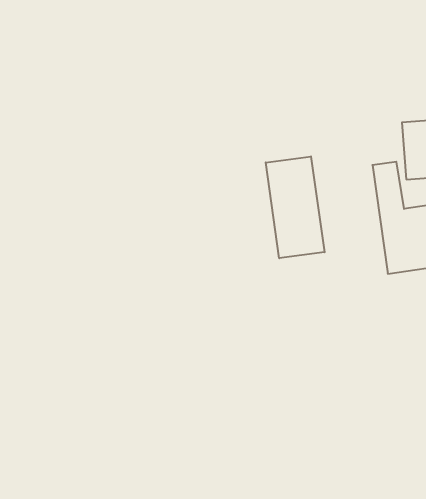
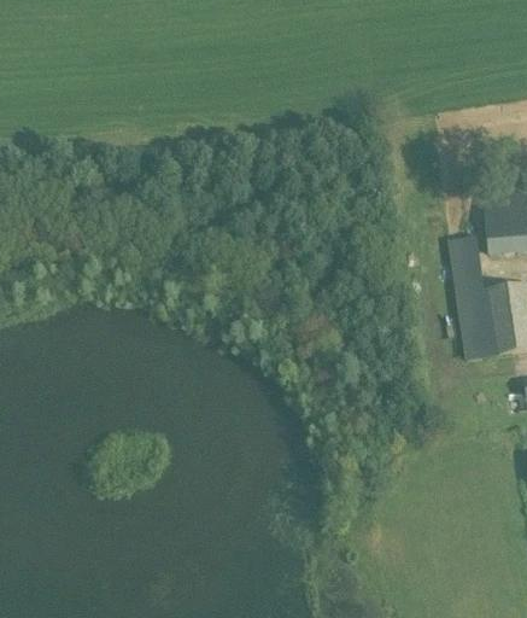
building: [266,156,325,258] -> none

